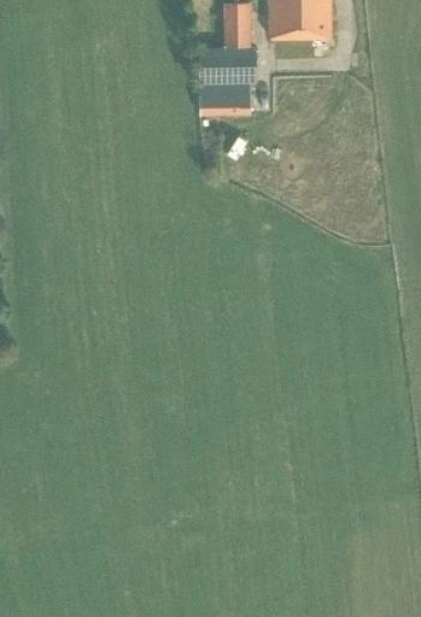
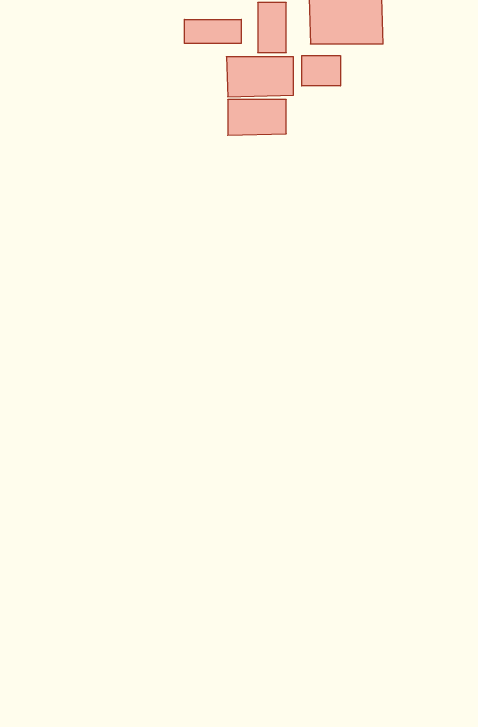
building: none -> [184,19,241,43]
building: none -> [302,56,340,86]

